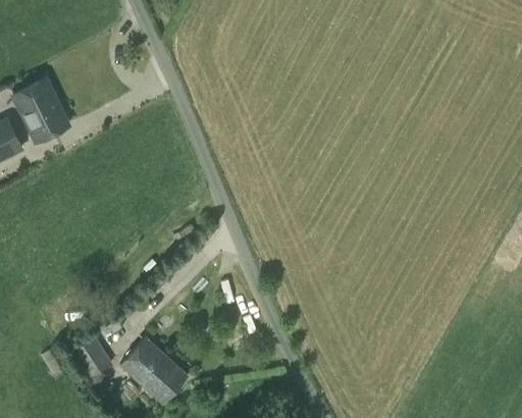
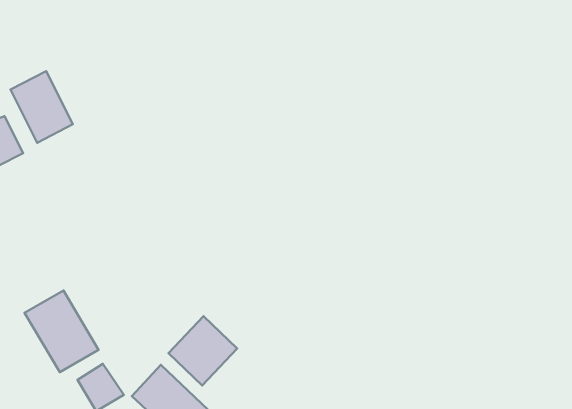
building: none -> [25,291,99,372]
building: none -> [169,316,237,386]

